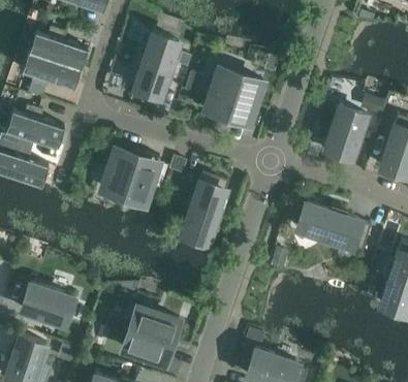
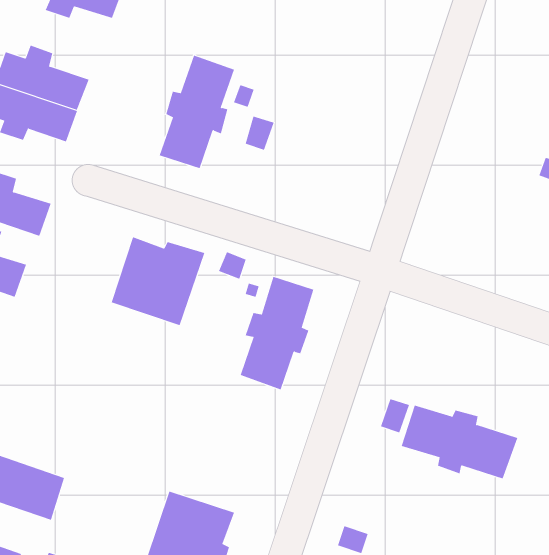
building: [206,68,262,128] -> none
building: [319,105,366,159] -> none
building: [297,205,371,252] -> [401,405,518,479]

